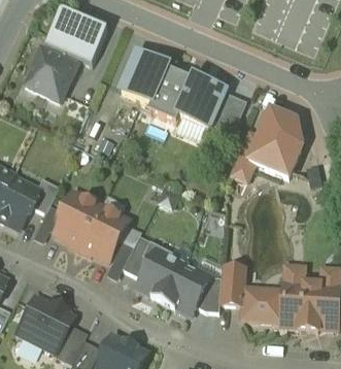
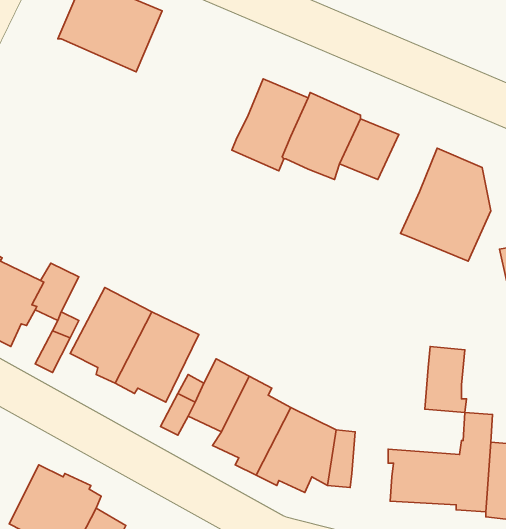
building: [24,43,77,99] -> none
building: [122,52,169,102] -> none
building: [233,129,260,171] -> none
building: [219,264,244,303] -> [425,347,467,413]

